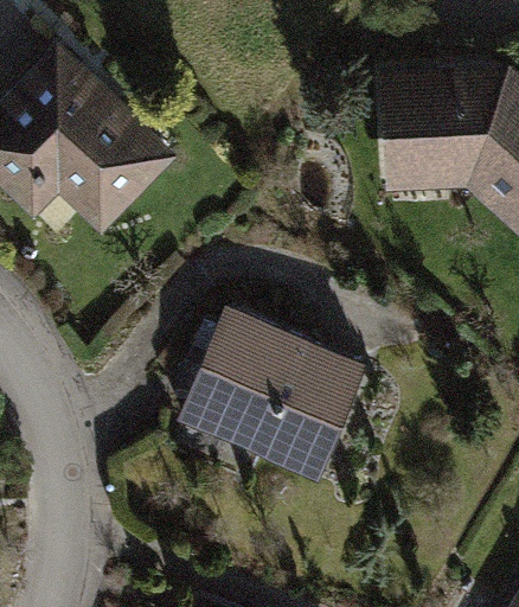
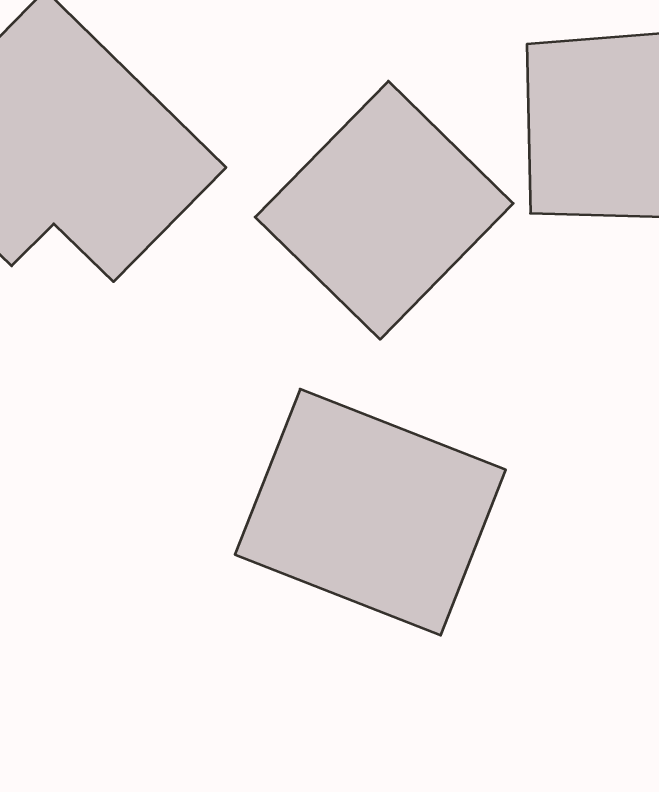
building: none -> [255,81,513,339]

